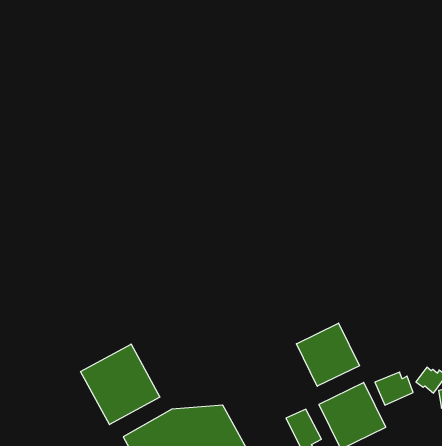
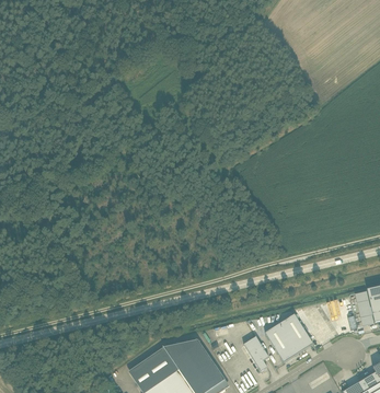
building: [296,323,359,386] -> none
building: [81,344,160,425] -> none

